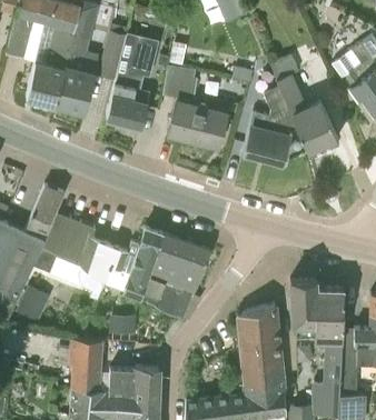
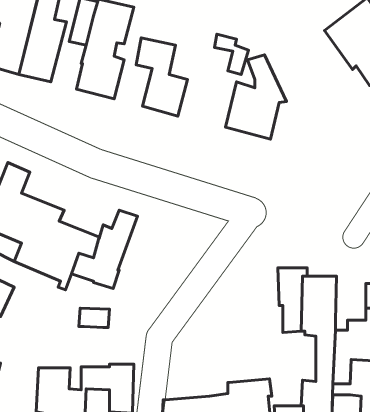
building: [270,56,338,153] -> none
building: [199,109,227,147] -> none
building: [140,233,210,317] -> none
building: [238,306,283,384] -> none
building: [59,341,101,371] -> none

